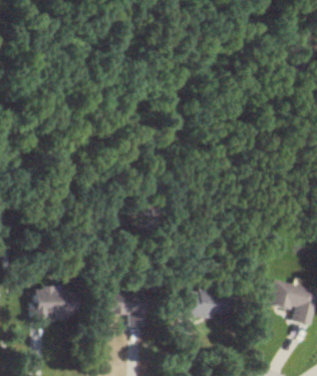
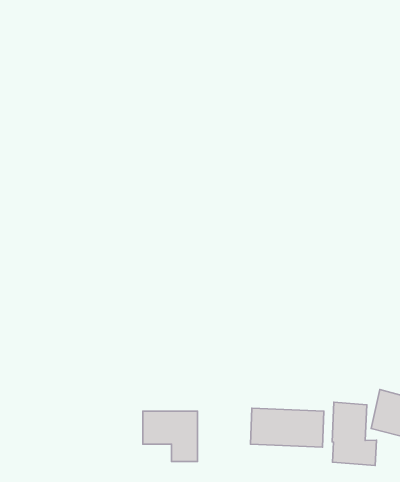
building: none -> [332,402,376,465]
building: [31,288,75,319] -> none

